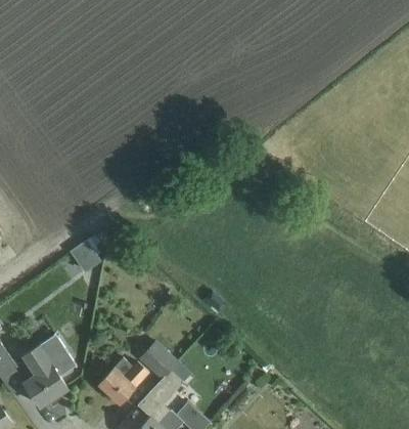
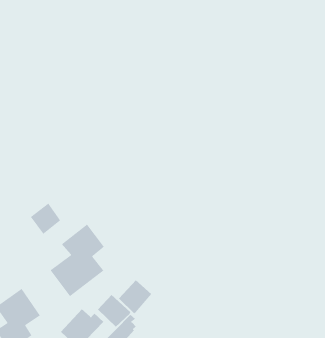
building: none -> [50,224,105,297]
building: none -> [118,279,152,314]

